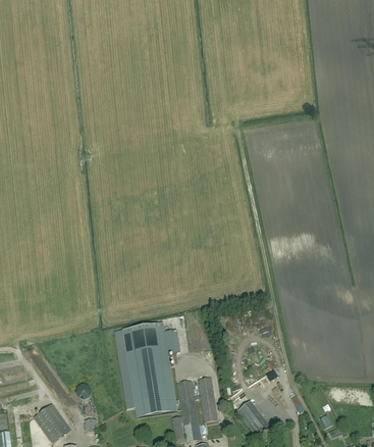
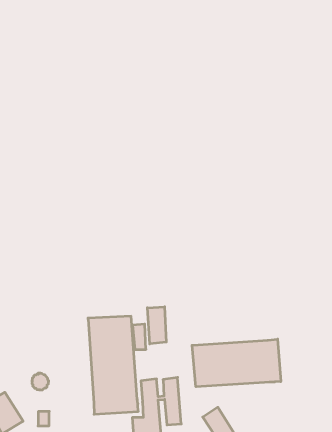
building: none -> [147,307,166,344]
building: none -> [192,339,281,387]

